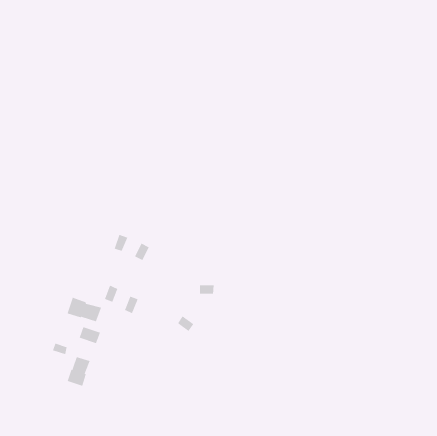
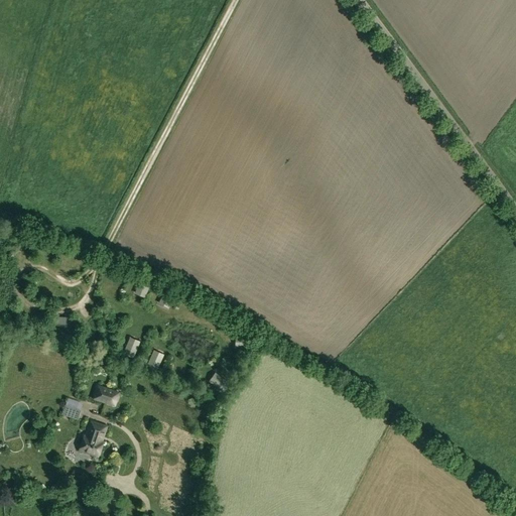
building: [67,297,102,322] -> none

